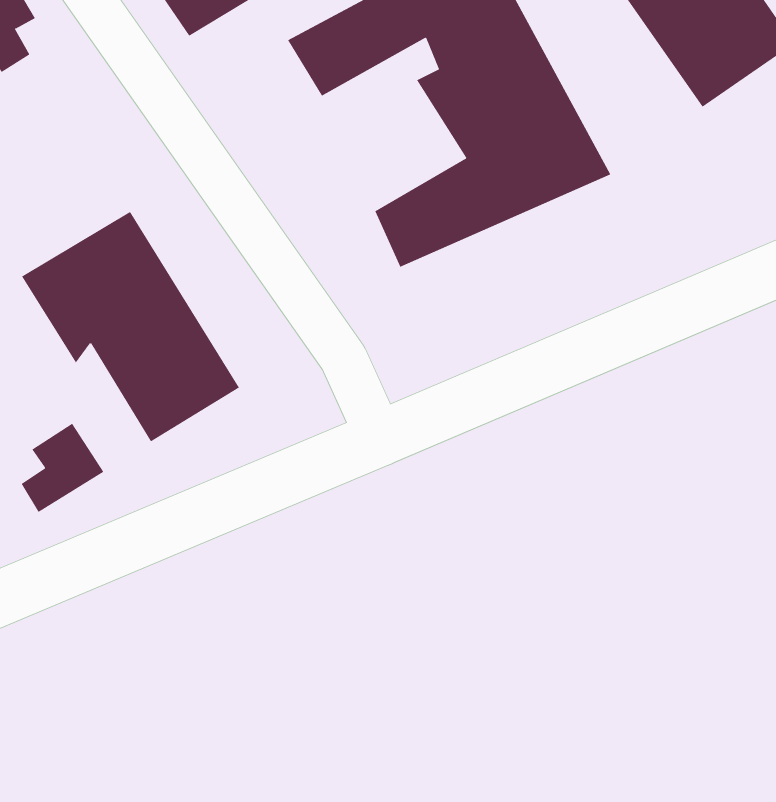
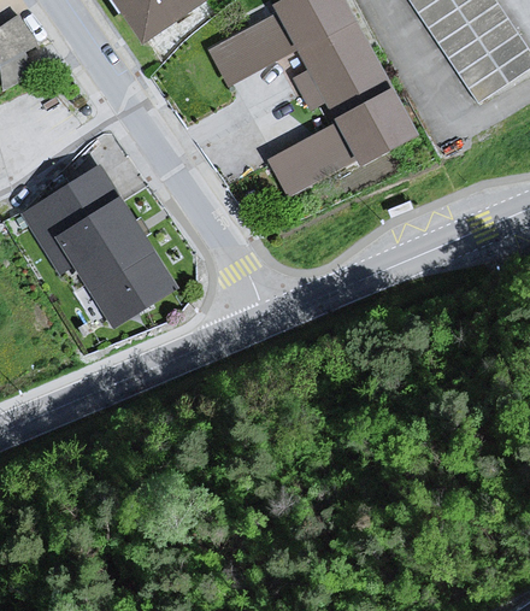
building: [21,423,104,513] -> none

